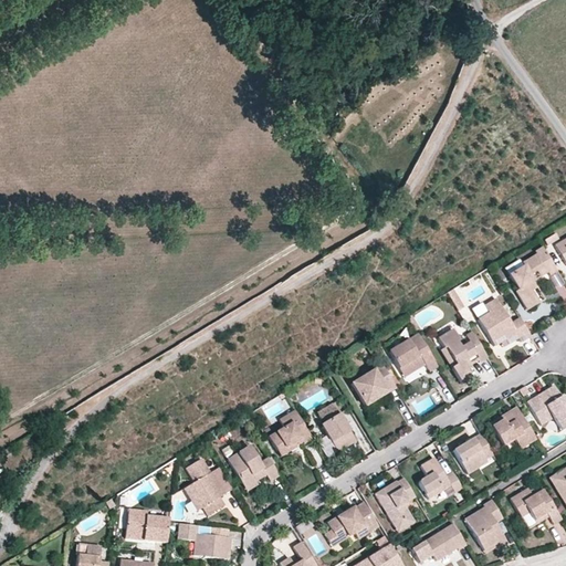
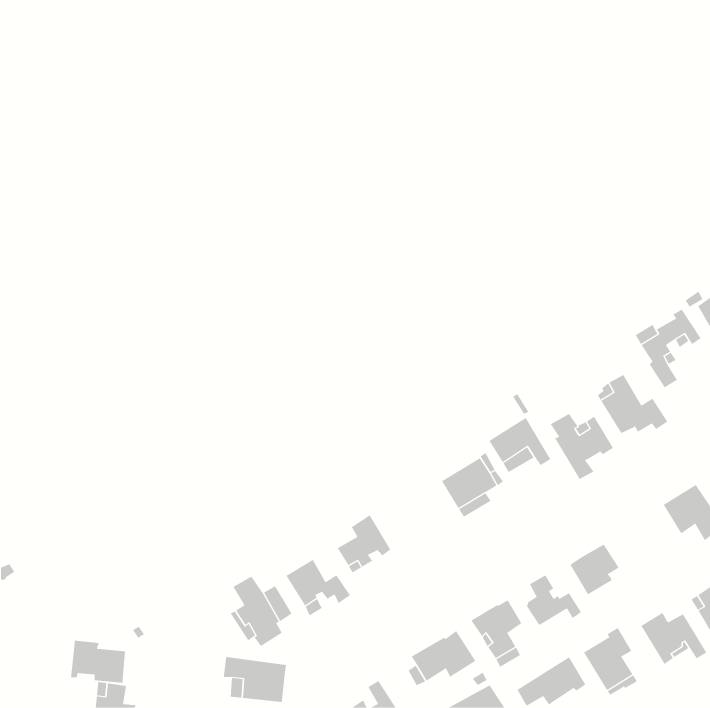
building: [317,402,356,451] -> none
building: [492,406,537,448] -> none
building: [125,507,169,542] -> [70,640,126,683]

